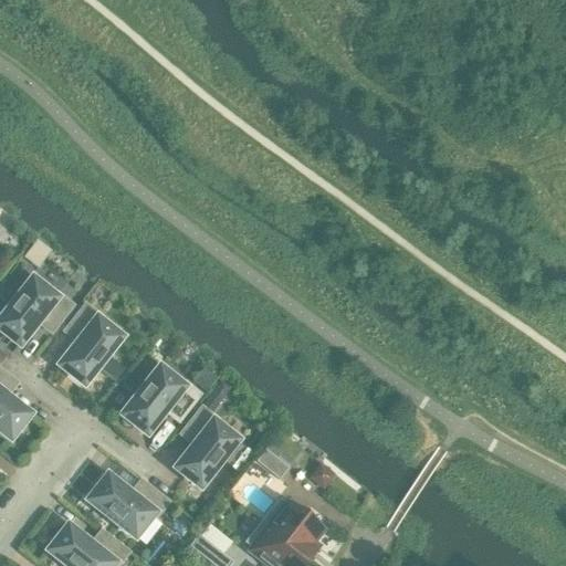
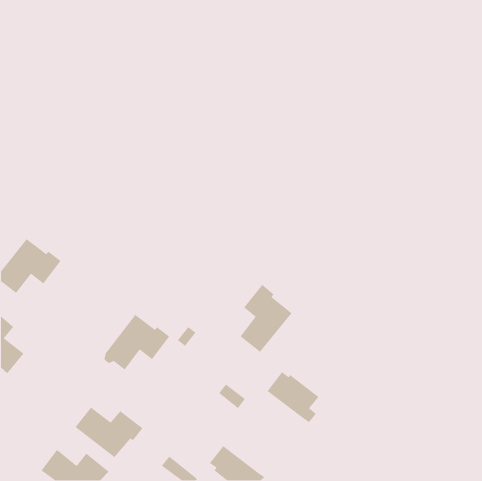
building: [60,303,120,384] -> none
building: [176,406,238,486] -> [240,284,292,353]
building: [262,497,324,558] -> [267,371,320,423]

